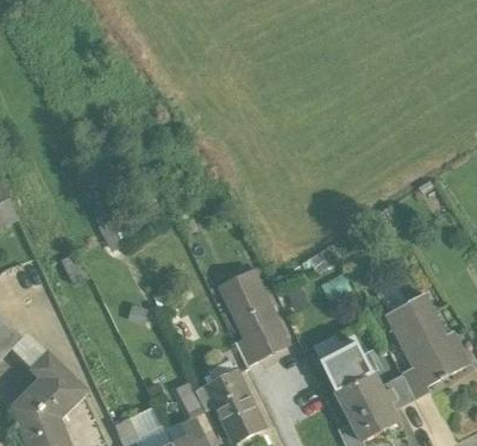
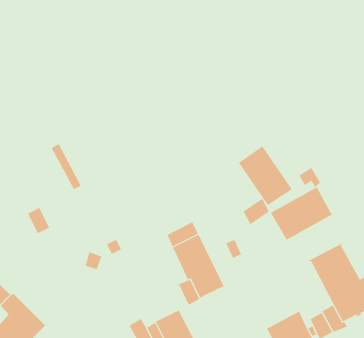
building: none -> [238,146,292,206]
building: none -> [270,187,332,241]
building: [321,340,376,391] -> none

